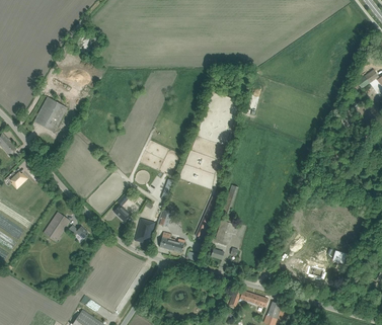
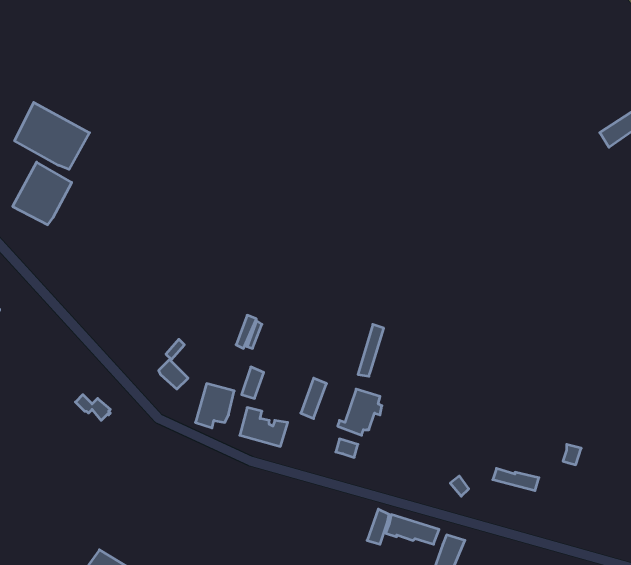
building: none -> [15,102,90,169]
building: [43,212,70,242] -> none

